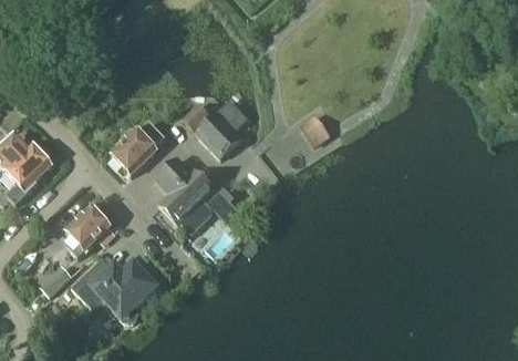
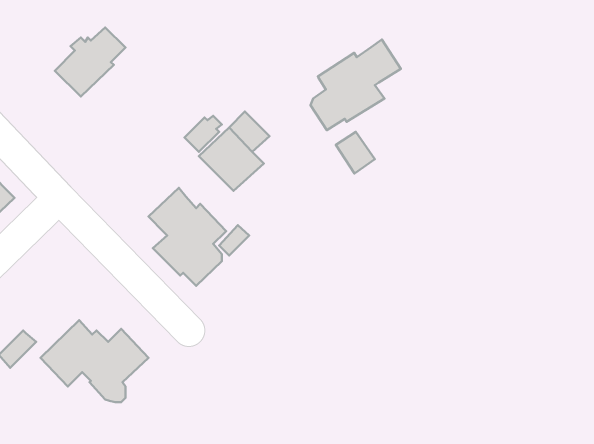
building: none -> [310,40,401,130]
building: [112,121,166,174] -> [55,27,125,97]
building: [66,205,112,256] -> none

